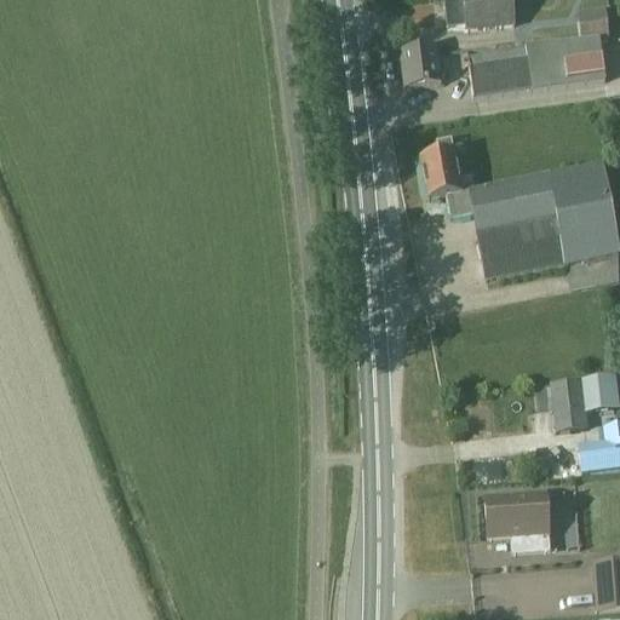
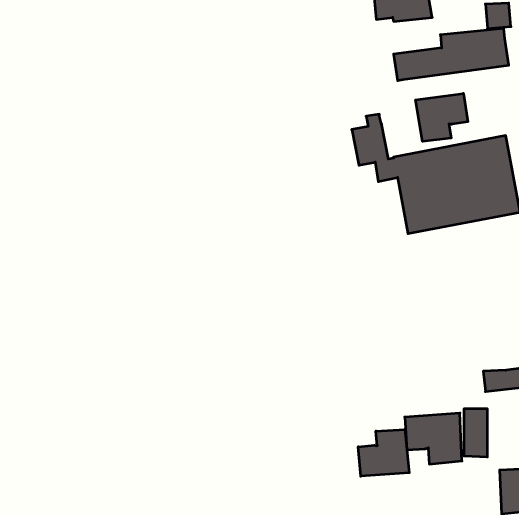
building: [401,44,443,86] -> none
building: none -> [416,93,468,141]
building: [553,377,614,427] -> none
building: none -> [358,429,409,476]

